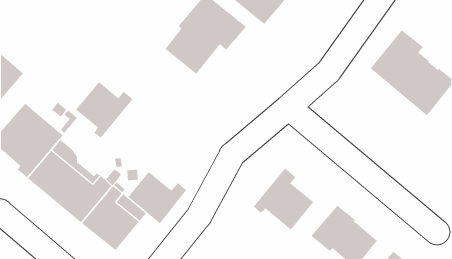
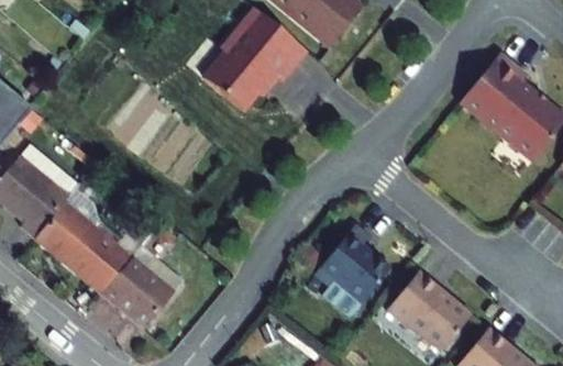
building: [75,81,134,138] -> none
building: [127,171,187,224] -> none

